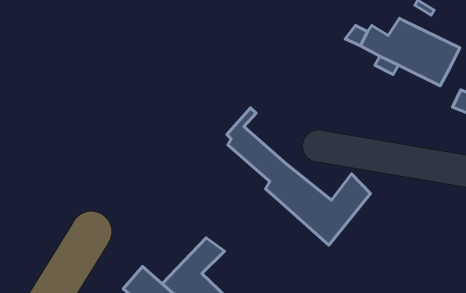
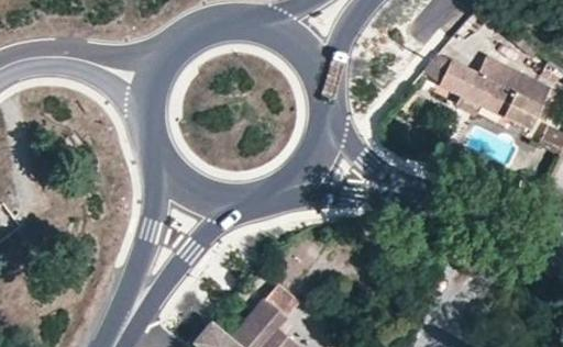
building: [227,108,370,245] -> none

